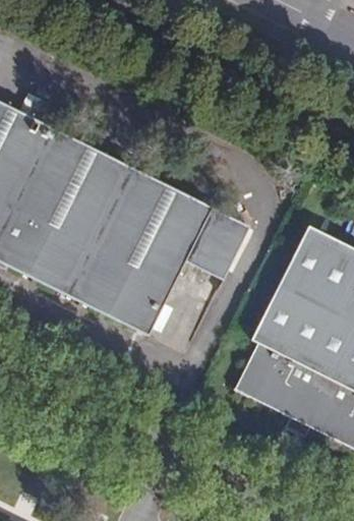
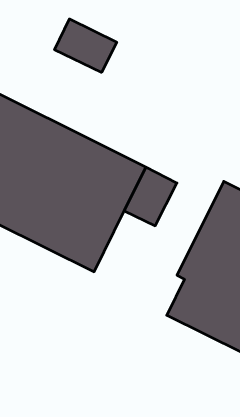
building: none -> [55,19,117,72]

